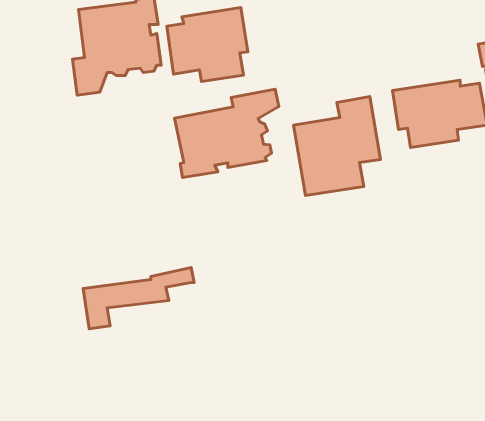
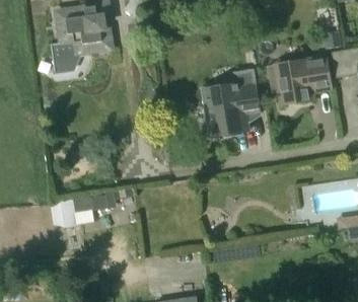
building: [167,8,248,82] -> none
building: [174,89,279,178] -> none

